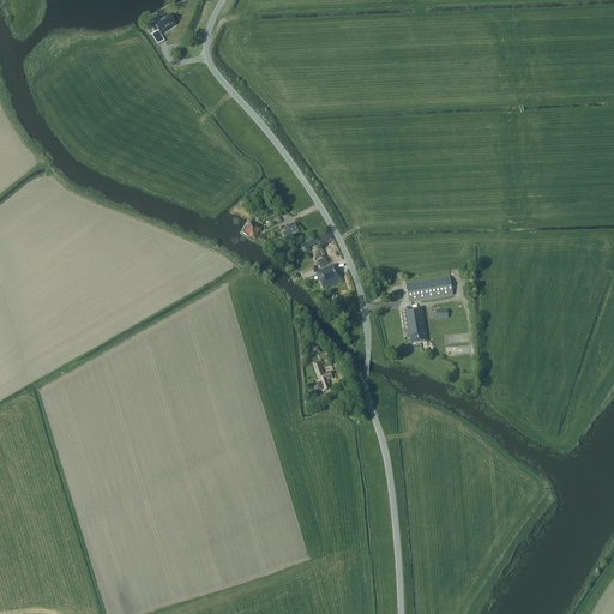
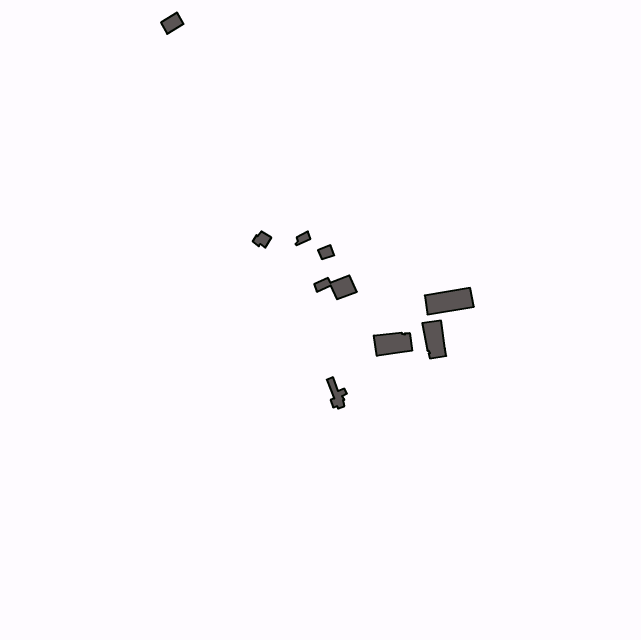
building: none -> [374,333,412,356]

